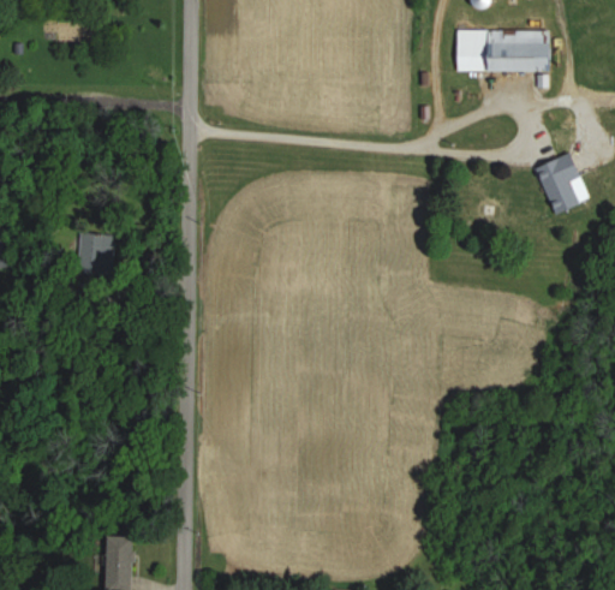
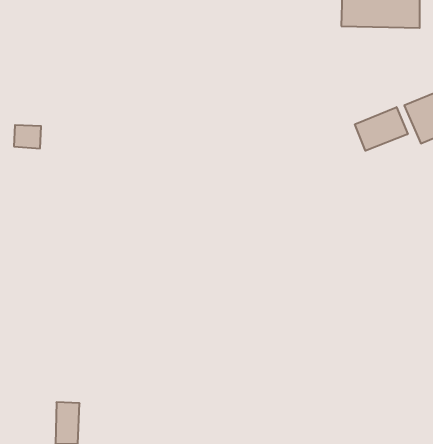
building: none -> [355,107,408,151]
building: [77,234,111,263] -> [14,125,41,148]

